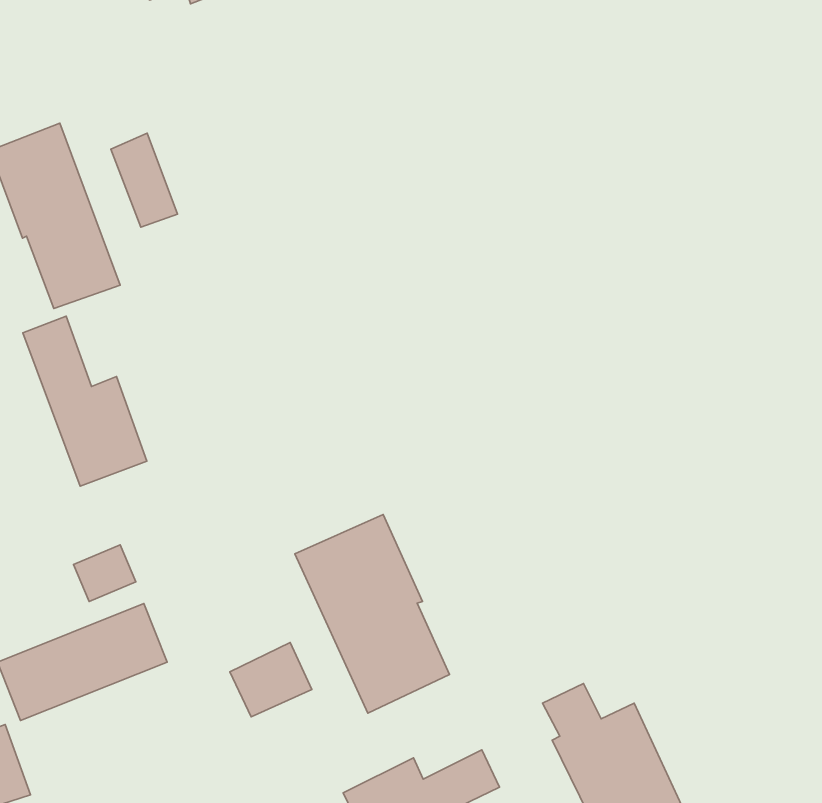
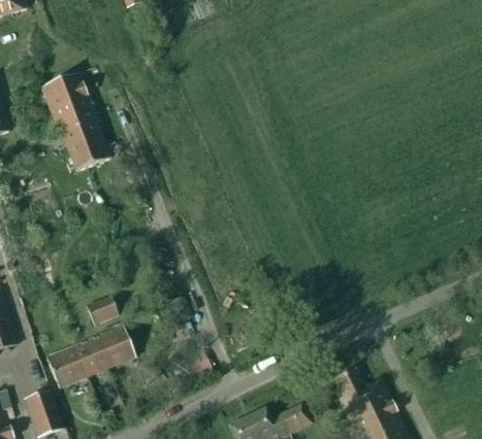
building: [111,133,177,227] -> none
building: [23,316,147,486] -> none
building: [295,515,449,713] -> none

